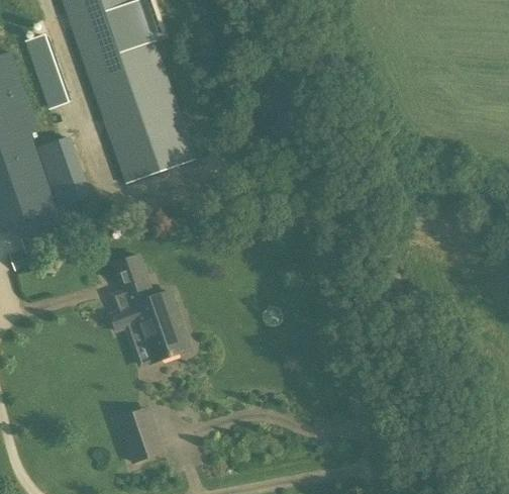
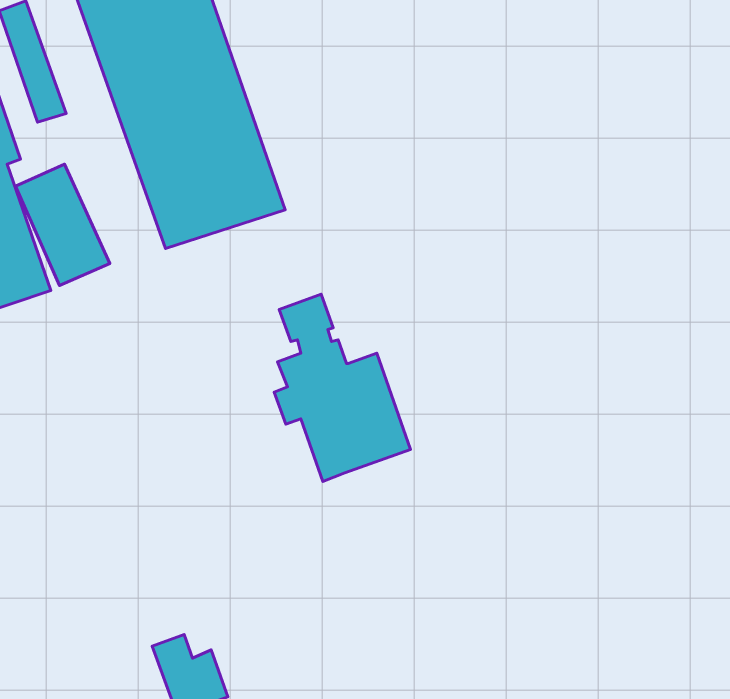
building: [110,254,192,366] -> [274,294,411,481]

